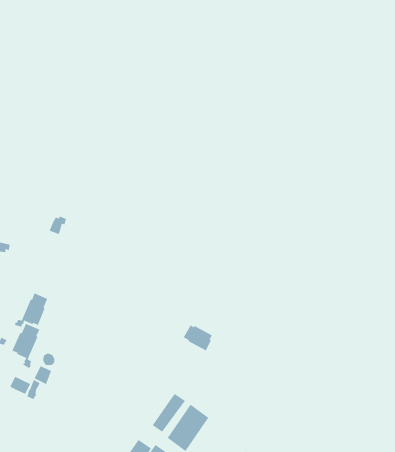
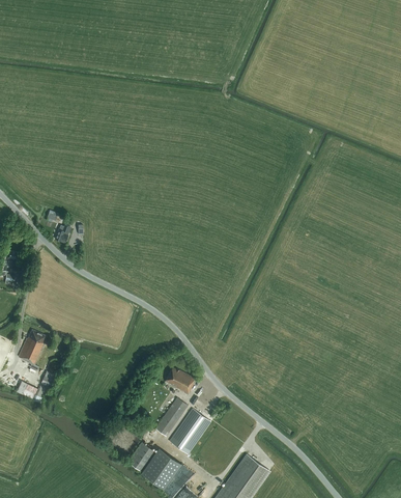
building: [14,292,48,328] -> none
building: [183,325,213,351] -> [165,368,194,394]

